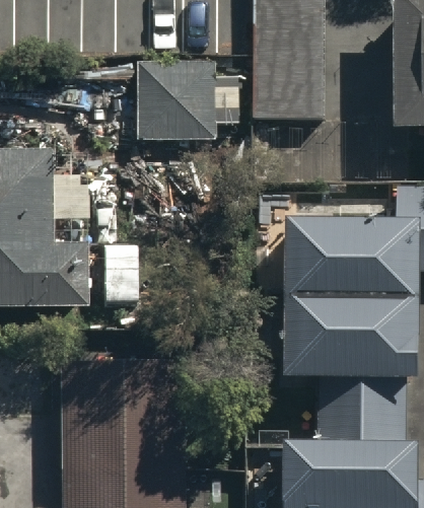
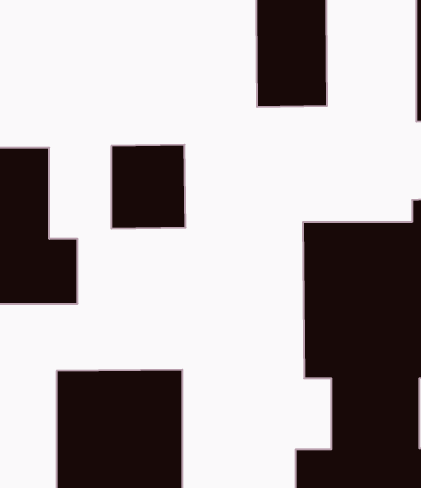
building: [143,60,215,141] -> [111,145,186,229]

